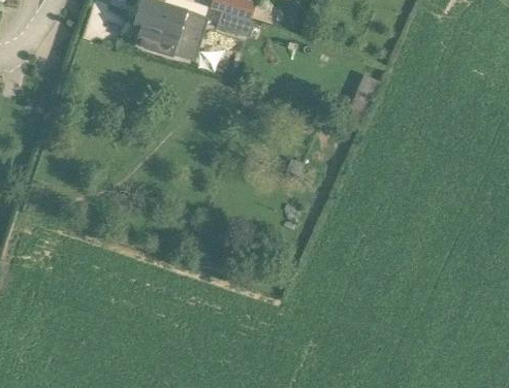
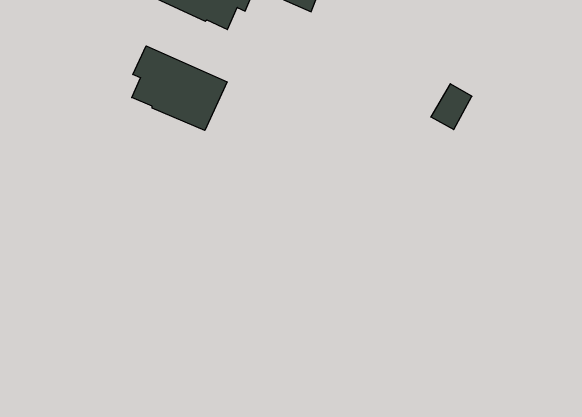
building: none -> [132,46,227,130]

